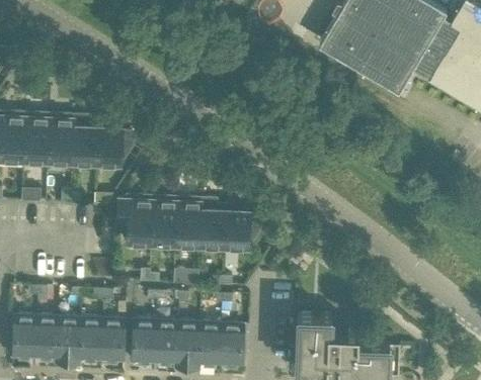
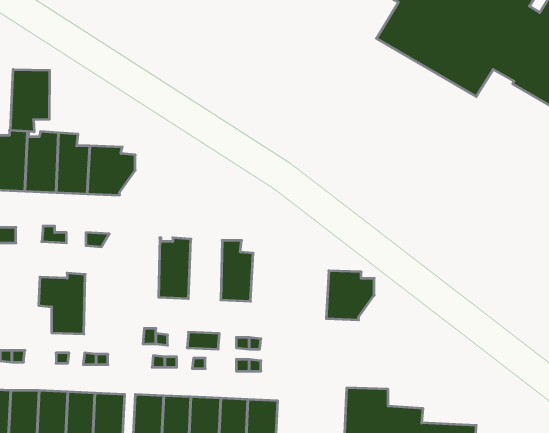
building: none -> [11,69,50,132]
building: [115,196,152,244] -> [39,273,85,334]
building: [174,198,201,246] -> none
building: [223,209,260,248] -> [326,271,374,320]

